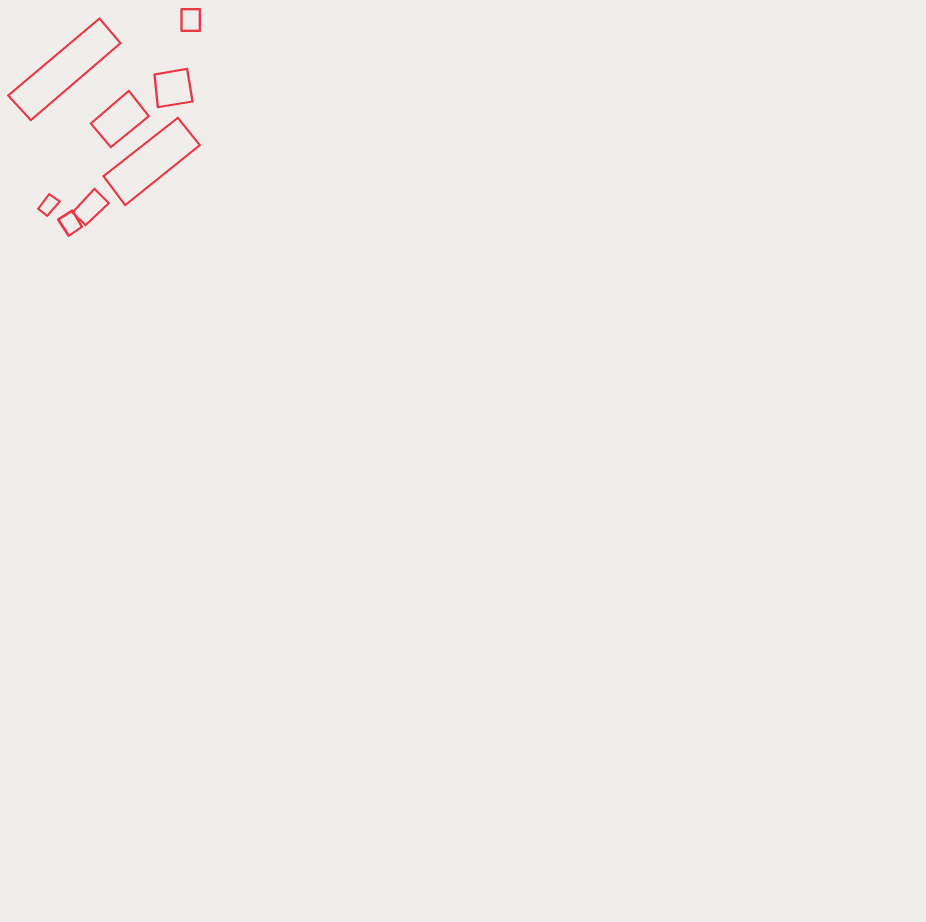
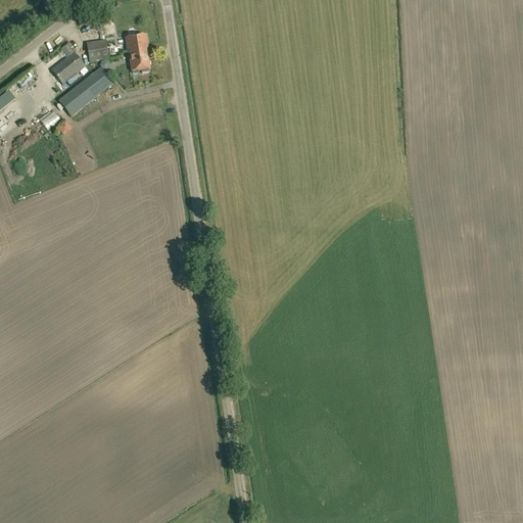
building: [8,18,120,120] -> none
building: none -> [125,33,149,70]

